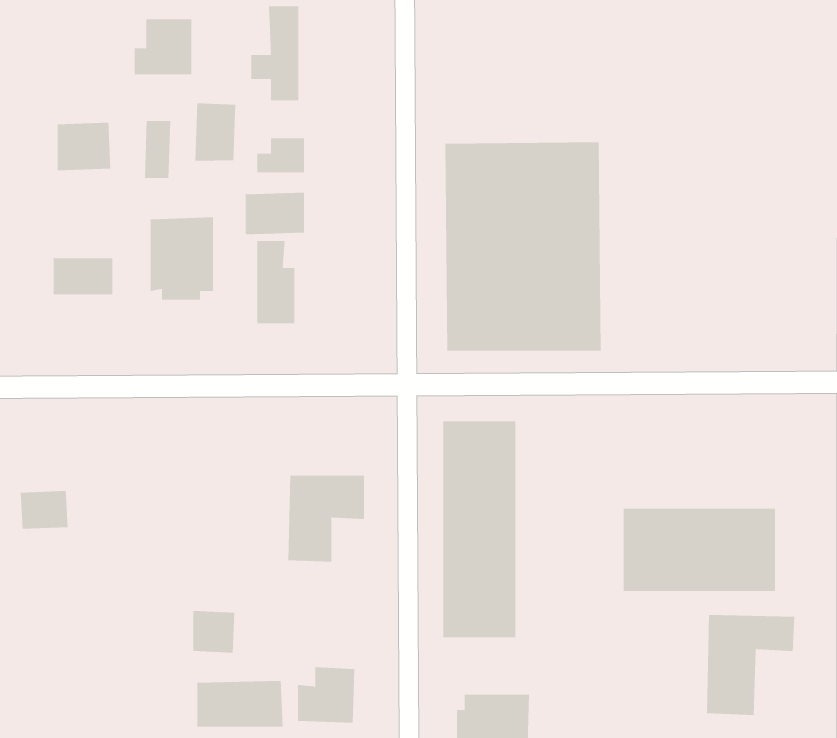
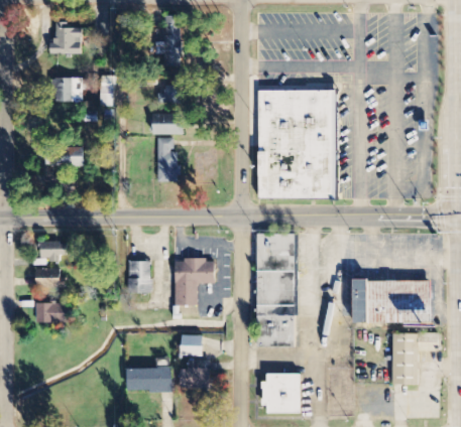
building: [134,19,192,75] -> [50,26,81,55]
building: [195,103,236,161] -> none
building: [150,217,214,301] -> none
building: none -> [40,243,67,260]
building: none -> [128,262,151,293]
building: none -> [36,304,67,324]
building: [193,611,235,653] -> [181,335,203,358]

